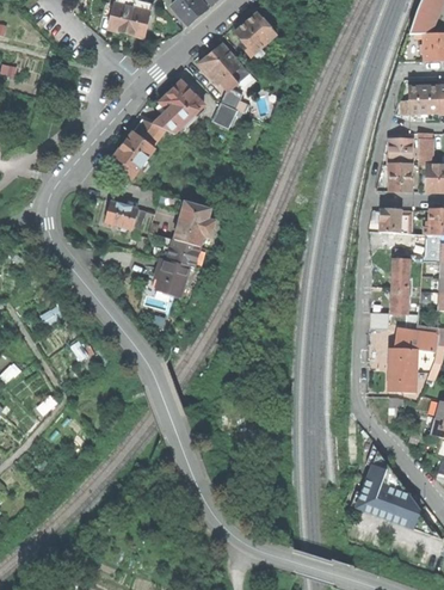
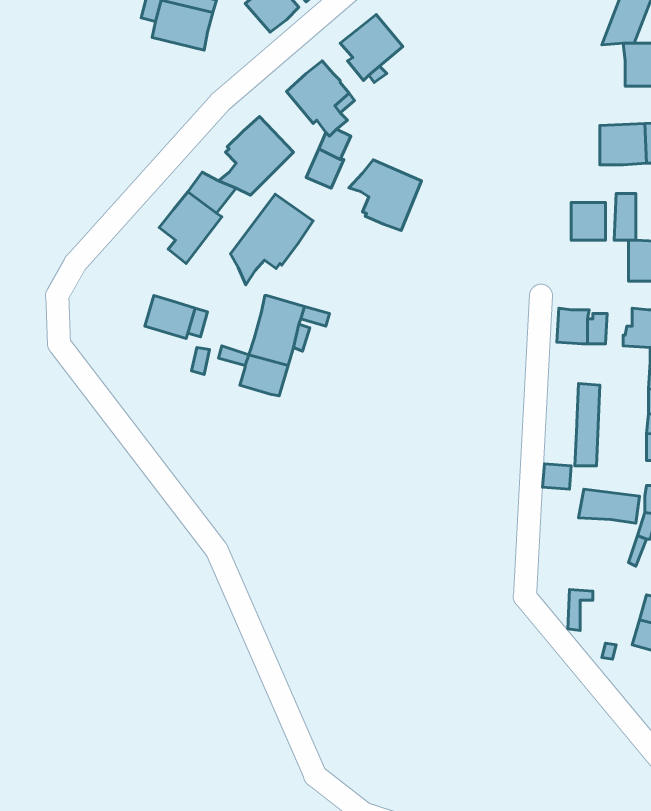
building: none -> [349,160,422,230]
building: none -> [230,194,313,285]
building: [389,162,412,190] -> none
building: [153,257,189,295] -> none
building: [388,348,415,392] -> none
building: [351,462,421,527] -> none

